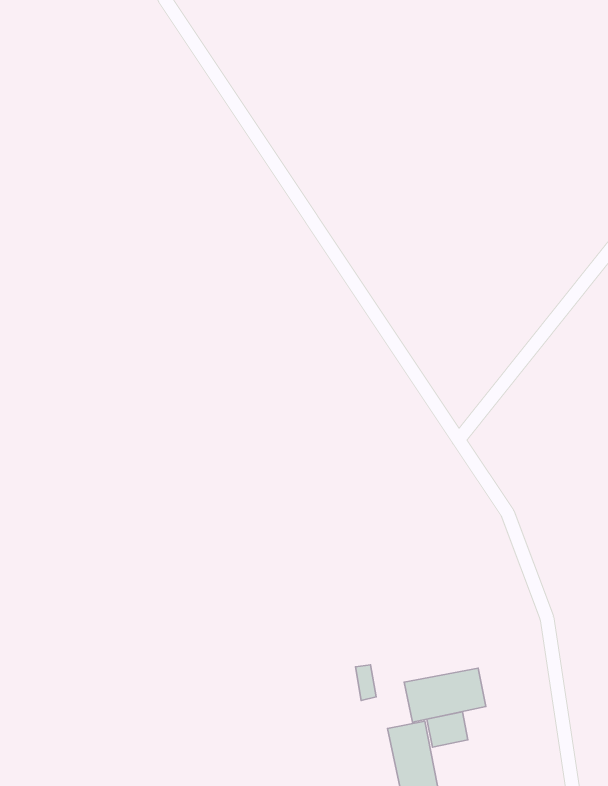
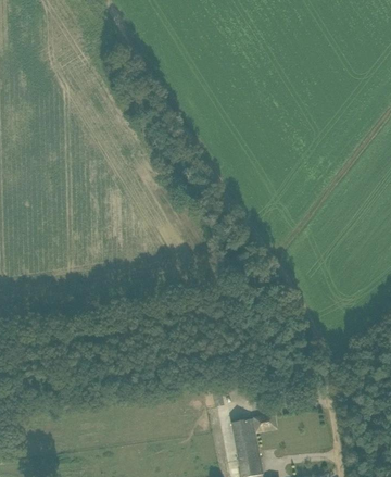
building: [404,668,486,722] -> none

